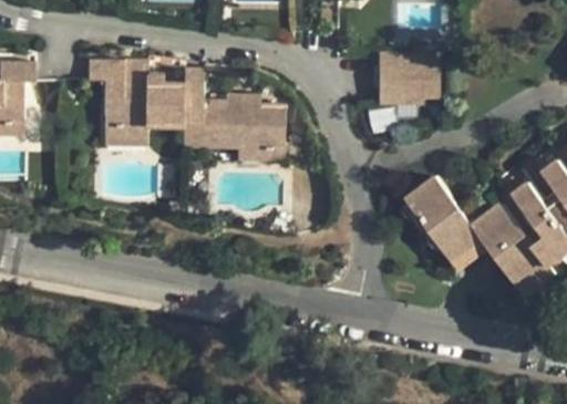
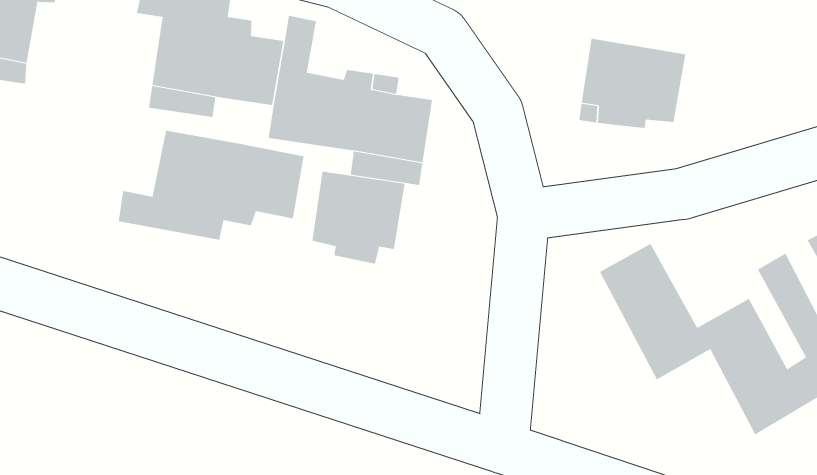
building: none -> [118,130,304,241]
building: none -> [312,171,405,265]

